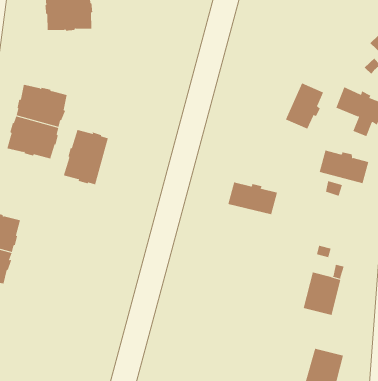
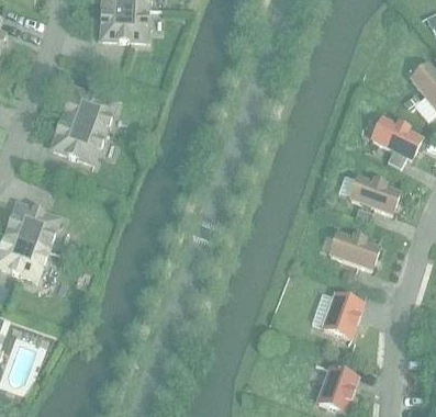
building: [285,82,324,130] -> none
building: [63,129,108,185] -> none
building: [228,182,278,215] -> [329,233,379,268]

